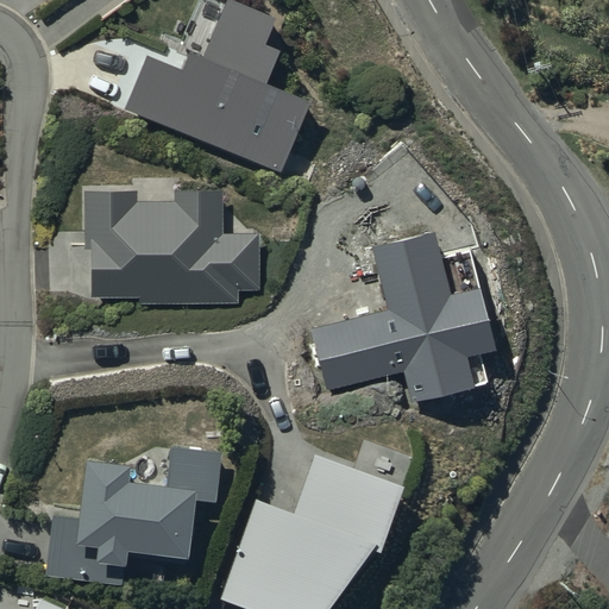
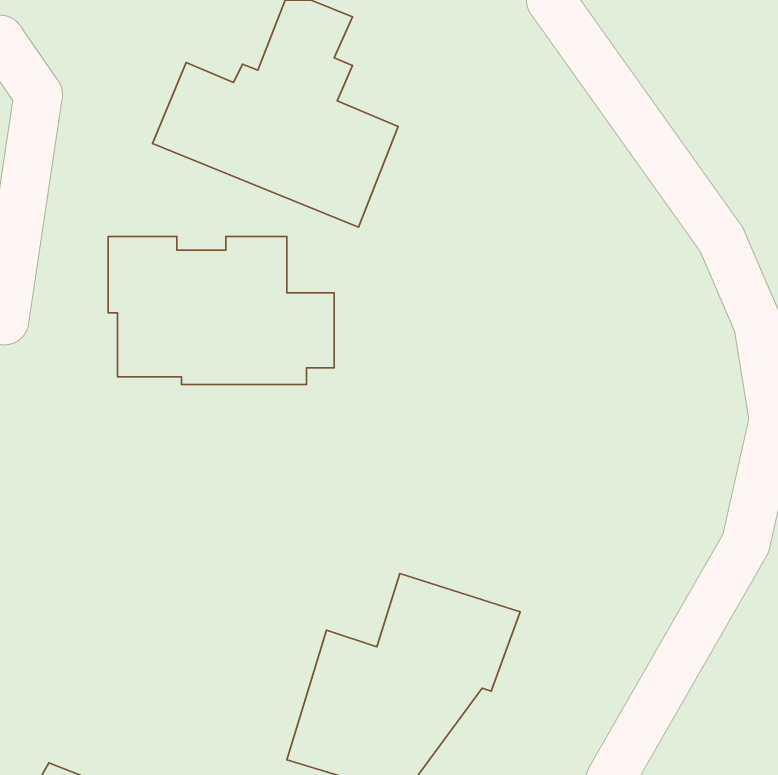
building: [313,233,497,407] -> none
building: [49,440,224,580] -> none

